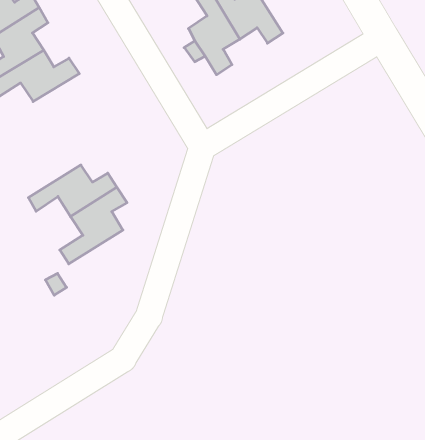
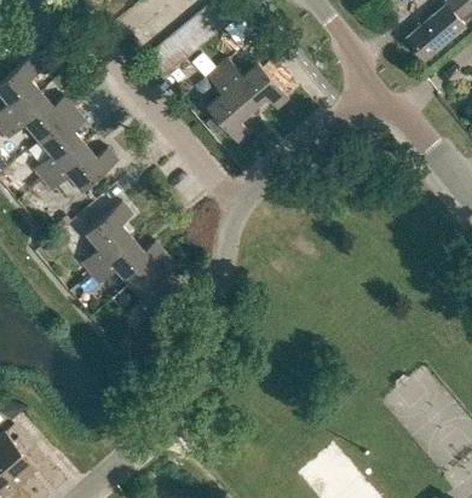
building: none -> [81,202,133,273]

